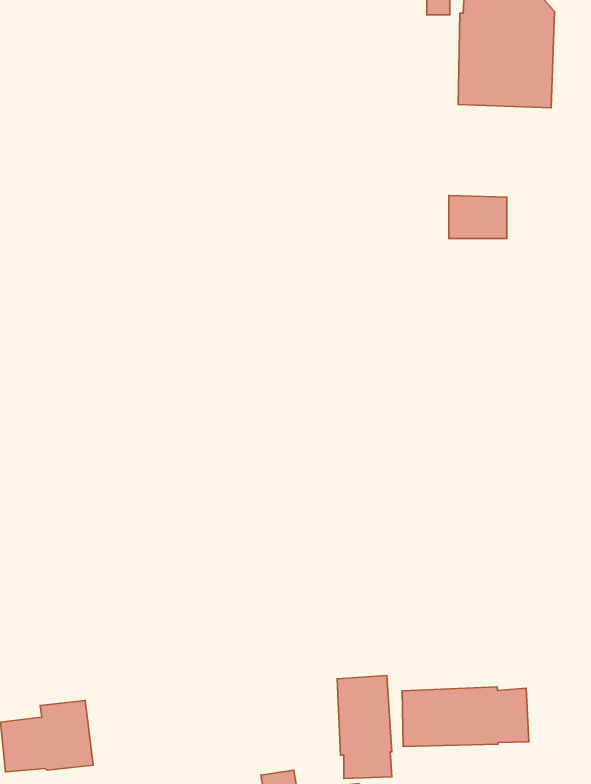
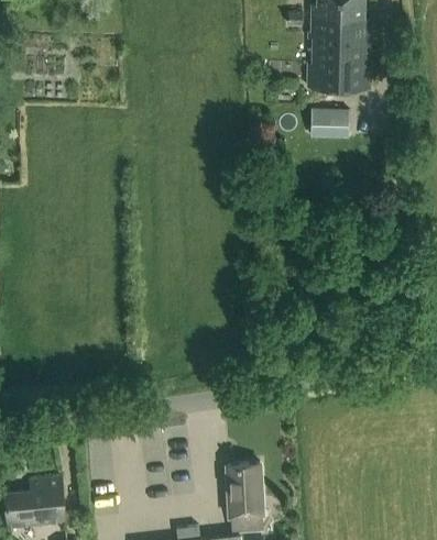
building: [449,195,507,239] -> [312,108,350,136]
building: [402,687,529,747] -> none

